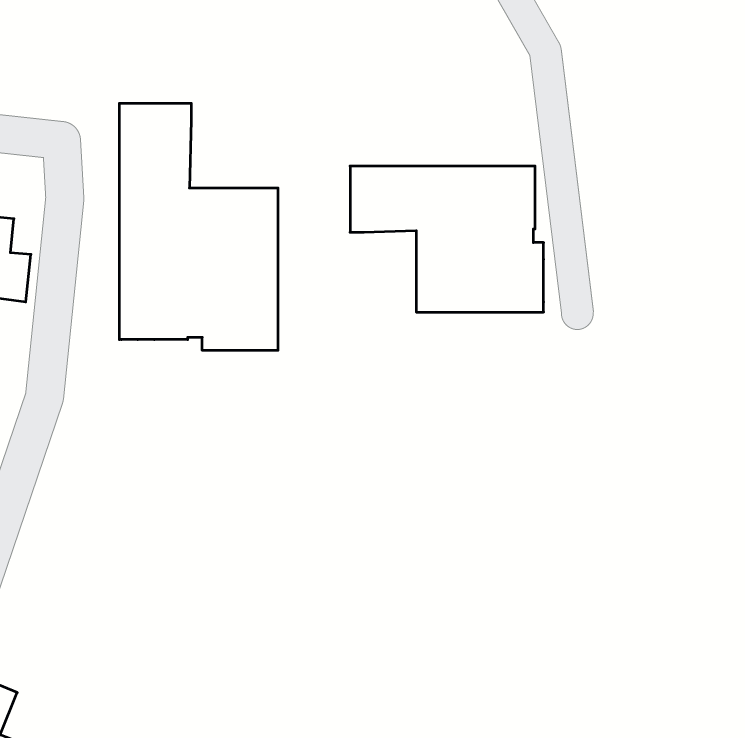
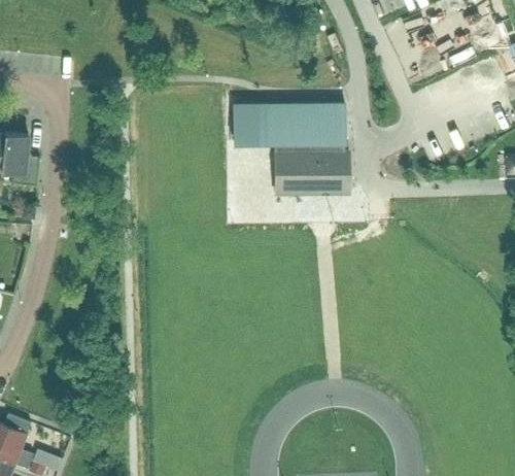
building: [119,103,278,350] -> none

